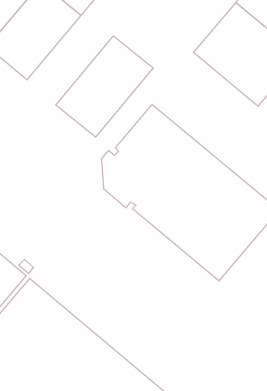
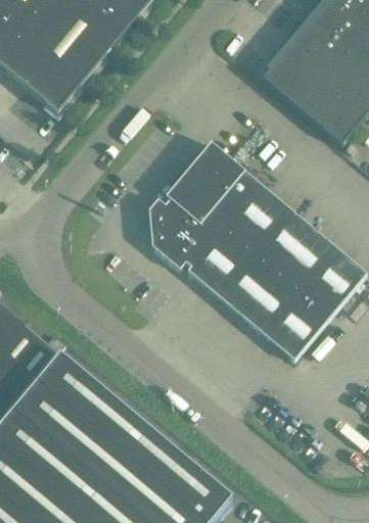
building: [56,36,153,137] -> none

